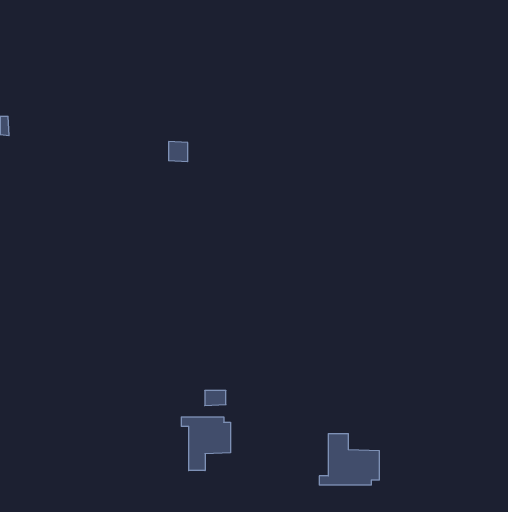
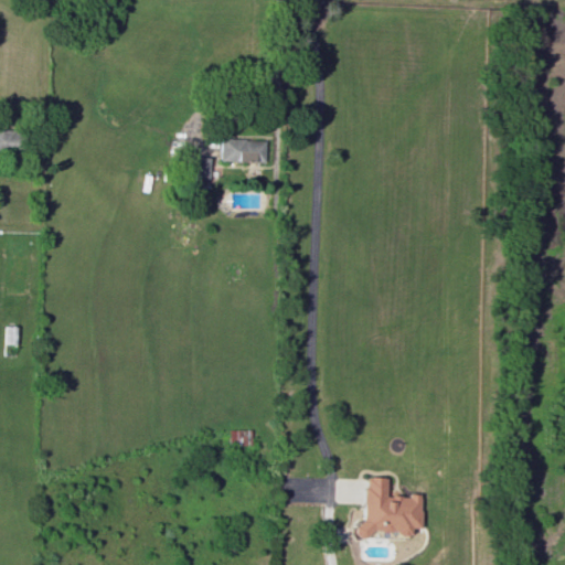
building: none -> [223,139,268,162]
building: [181,417,230,471] -> none

